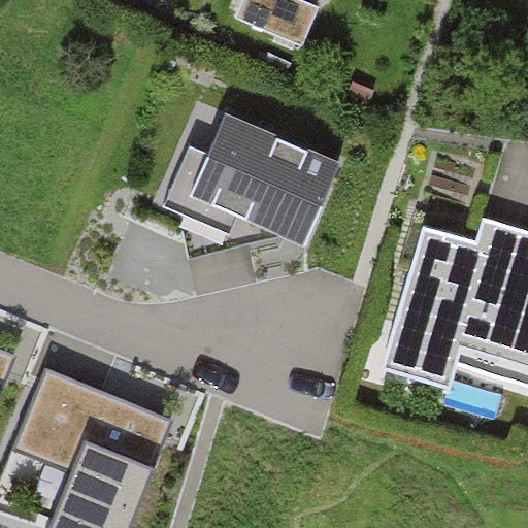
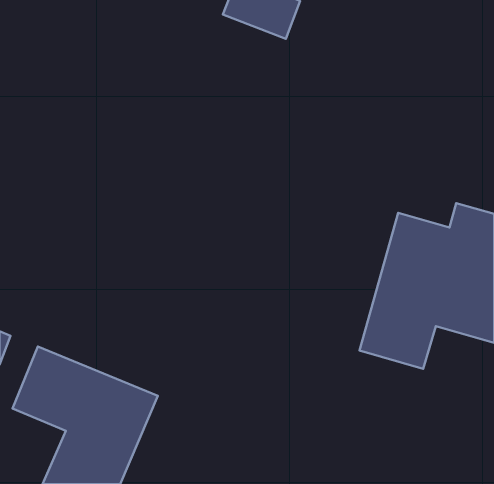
building: [164,113,343,257] -> none

